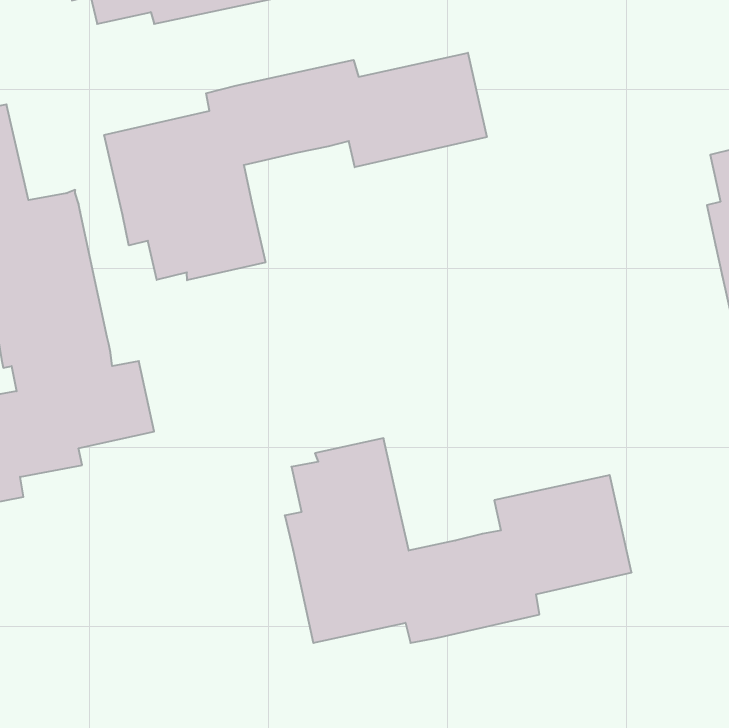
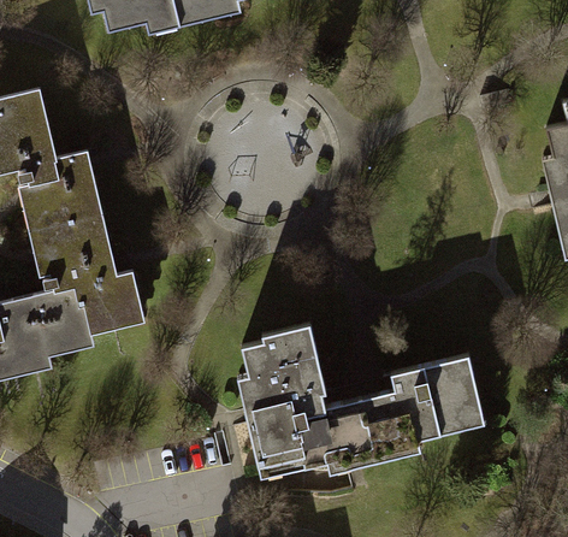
building: [104,53,487,280] -> none

